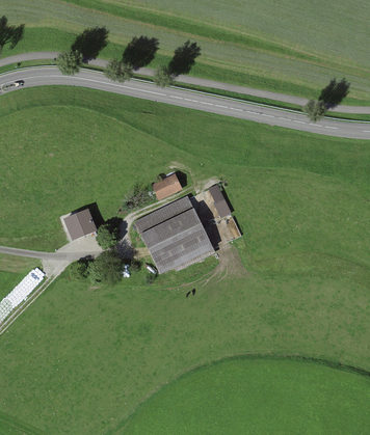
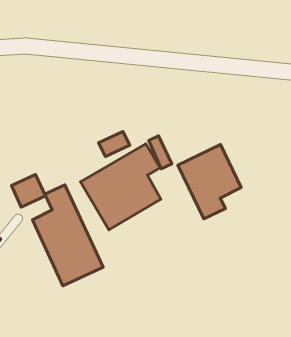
building: none -> [178,145,241,219]
building: none -> [33,185,103,286]

